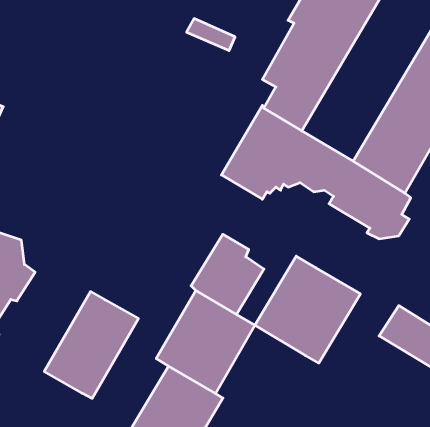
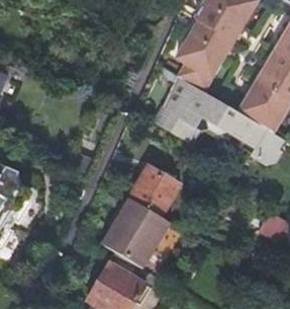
building: [255,256,360,363] -> none
building: [44,292,138,398] -> none

